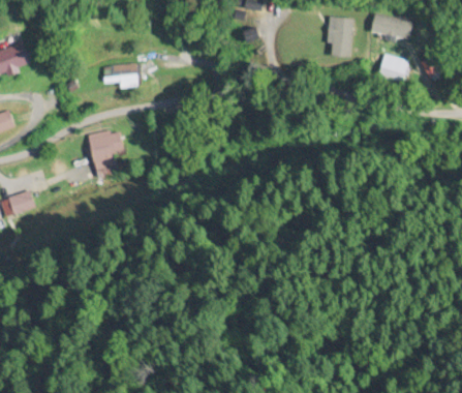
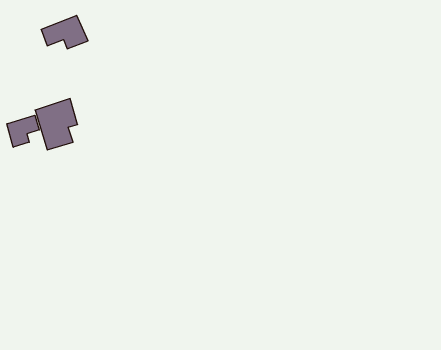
building: none -> [7,115,39,147]

